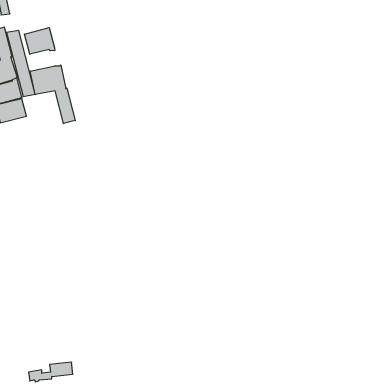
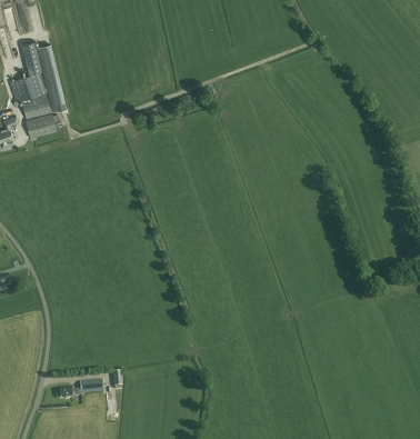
building: [24,28,55,54] -> none
building: [30,65,75,124] -> none

